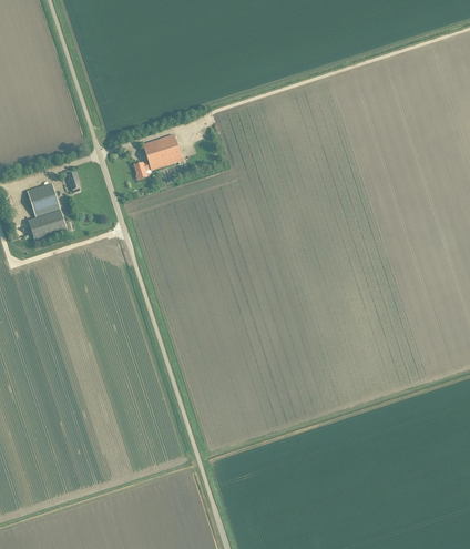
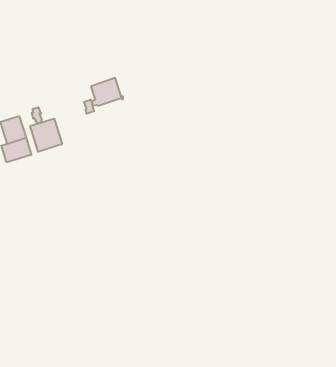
building: none -> [30,119,62,152]

